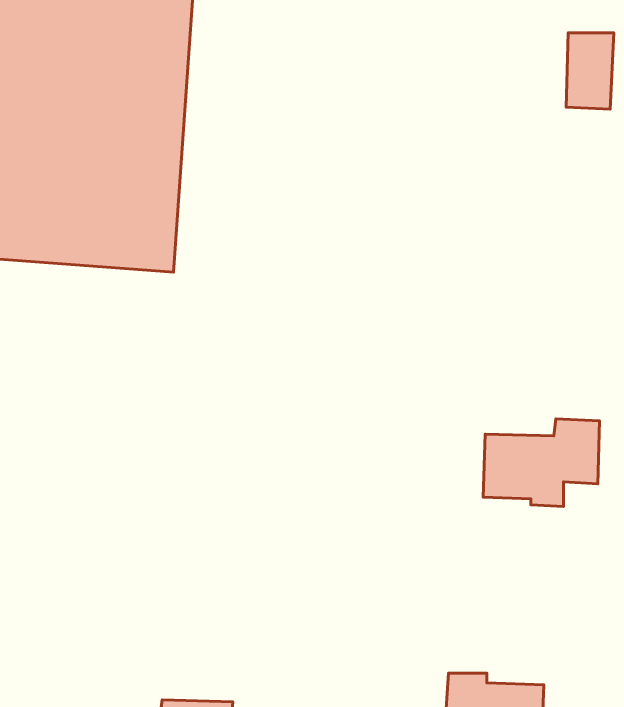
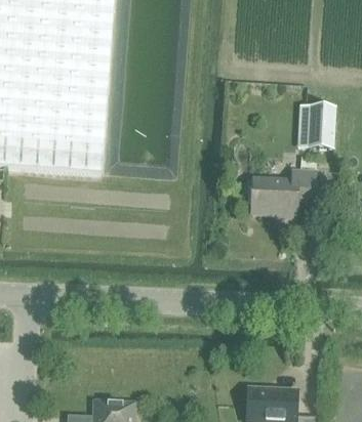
building: [566,33,614,109] -> [307,108,332,149]
building: [483,419,600,507] -> [251,171,314,218]

